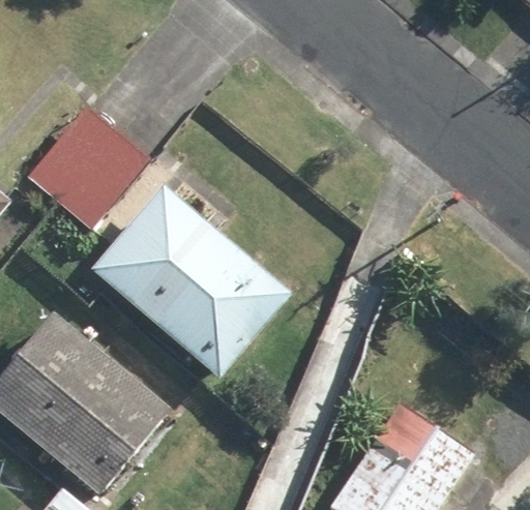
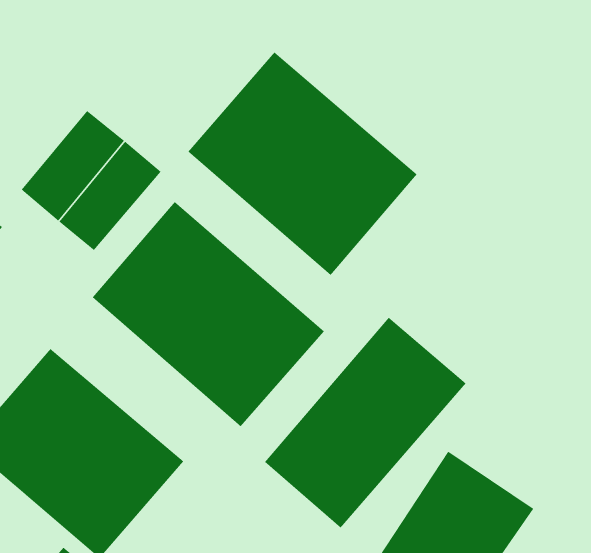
building: none -> [188,52,418,276]
building: none -> [264,317,466,528]

